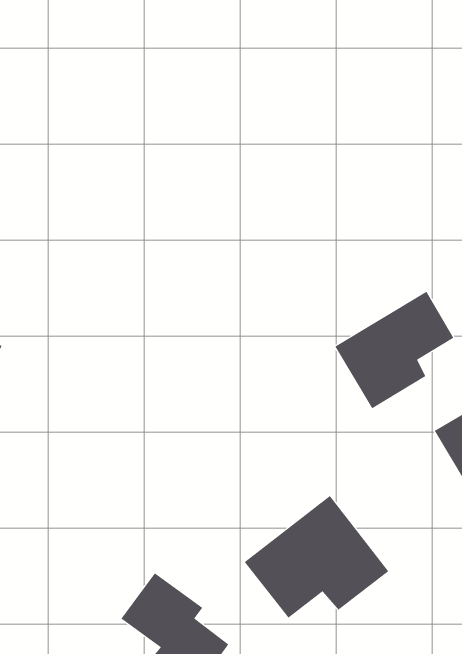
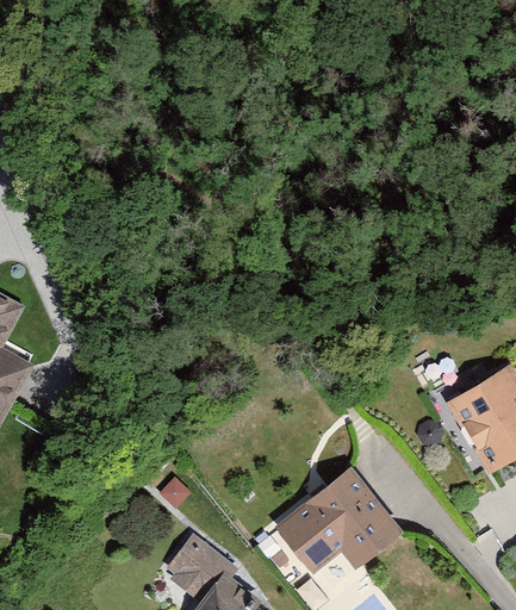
building: [334,291,454,409] -> none

